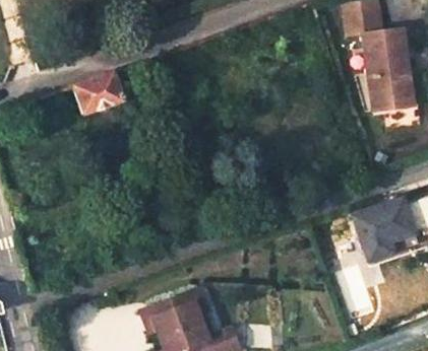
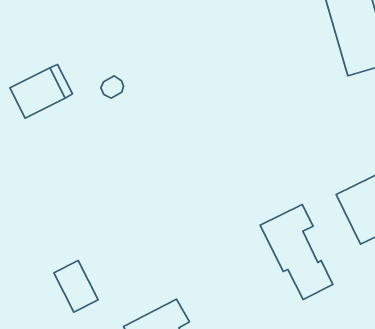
building: none -> [260,204,333,300]
building: none -> [54,261,98,312]

